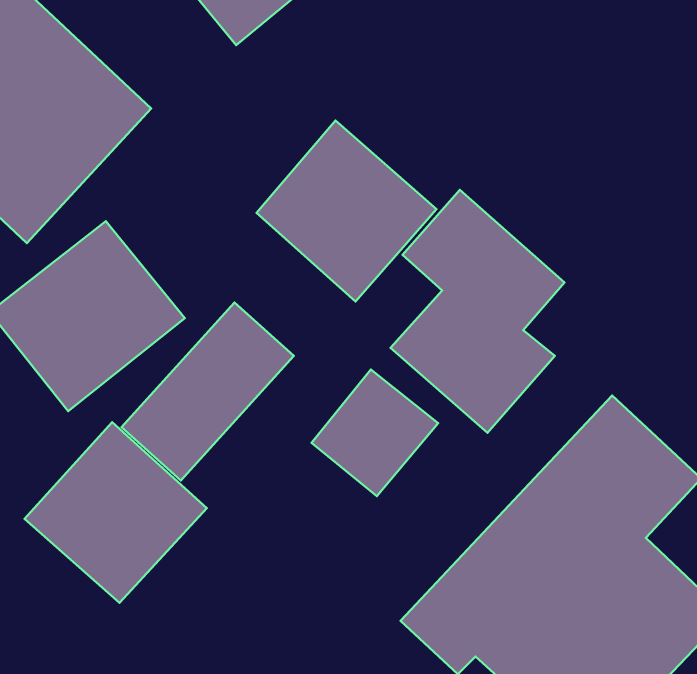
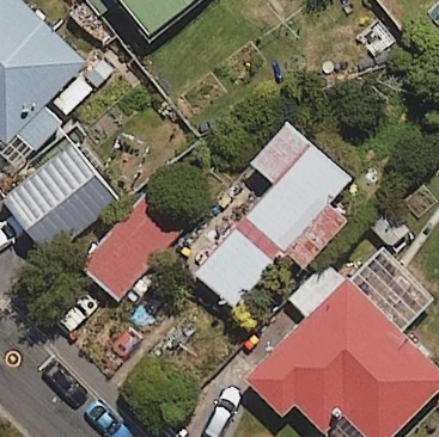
building: [257,121,436,301] -> none
building: [24,422,207,603] -> none

